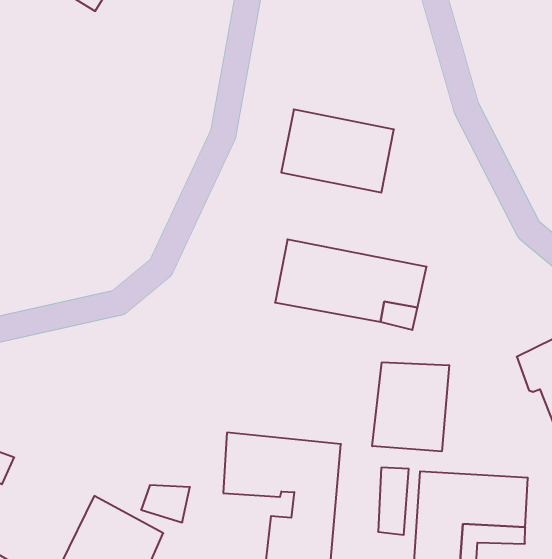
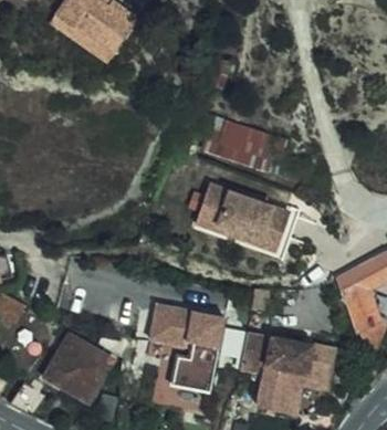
building: [372,362,449,451] -> none

